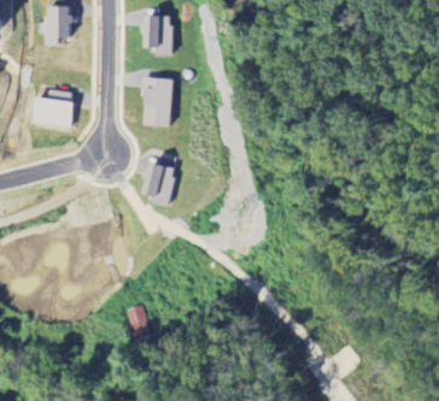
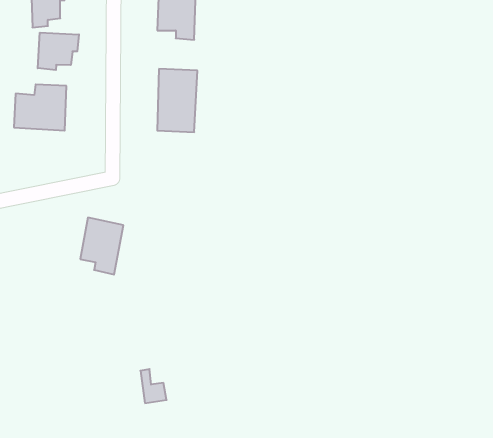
building: none -> [38,33,79,70]
building: [142,161,176,206] -> [80,218,123,275]

